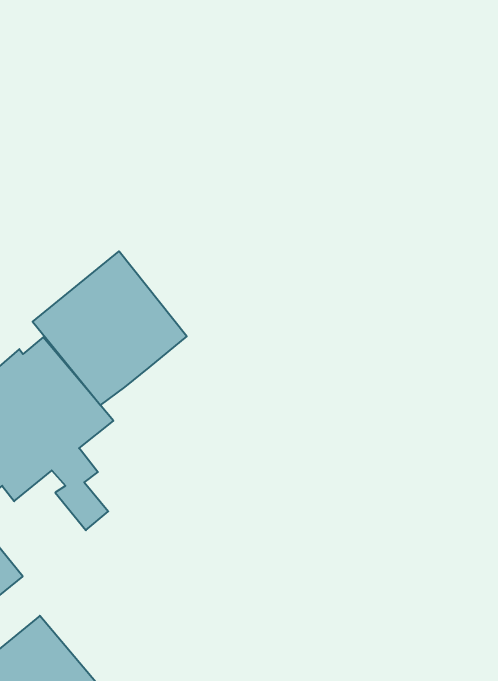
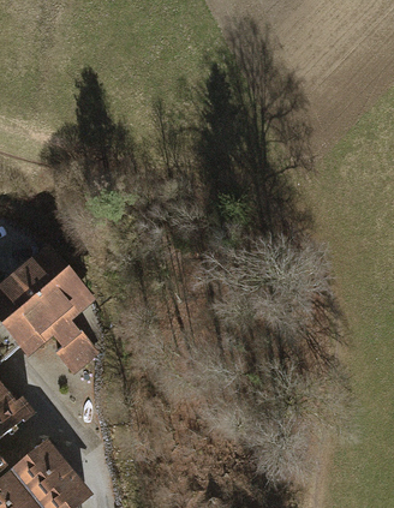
building: [33,251,187,405] -> none

